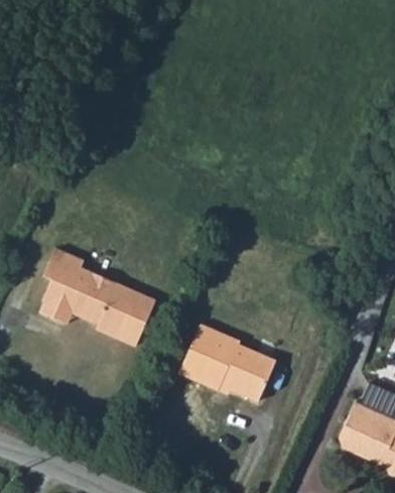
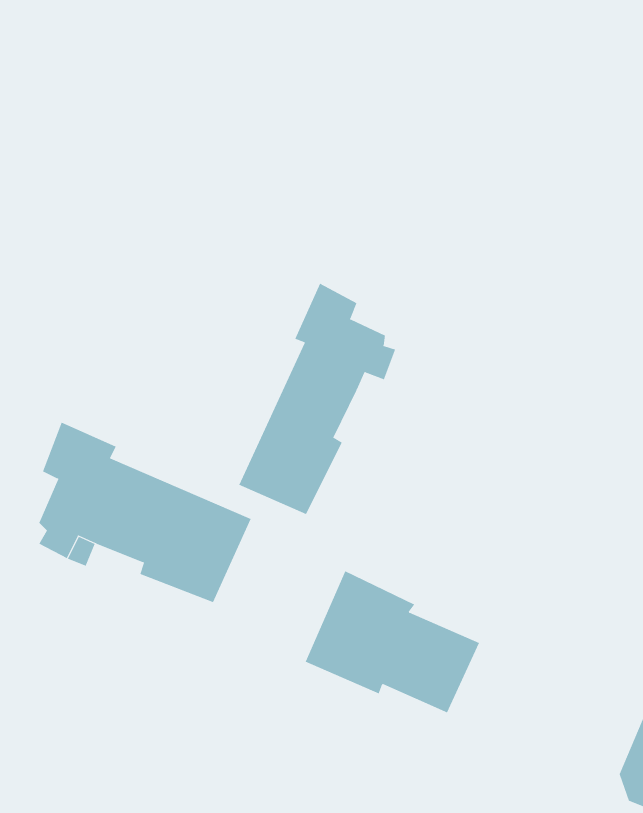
building: none -> [239,283,396,515]

